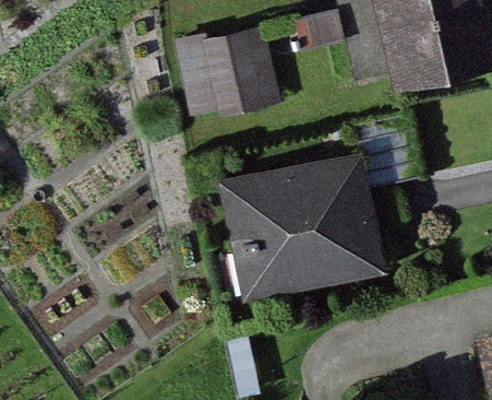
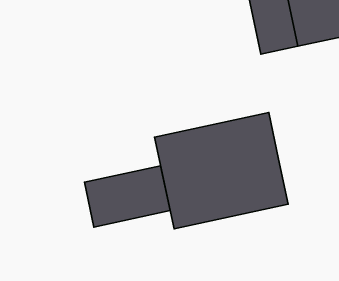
building: [179,34,260,120] -> none
building: none -> [84,166,170,227]

